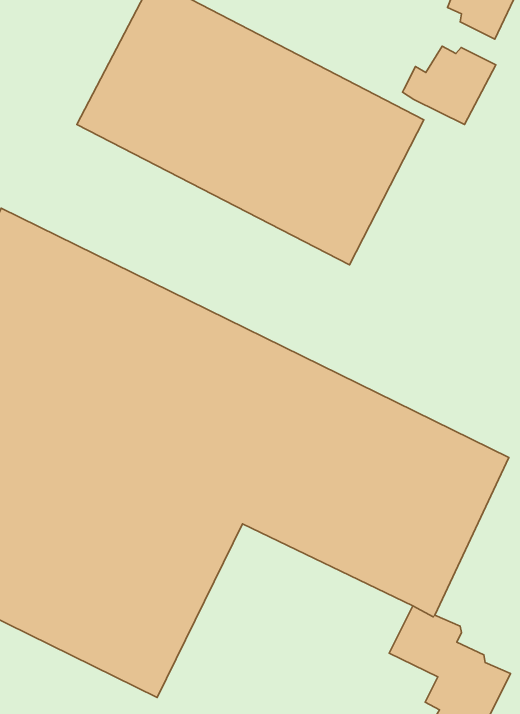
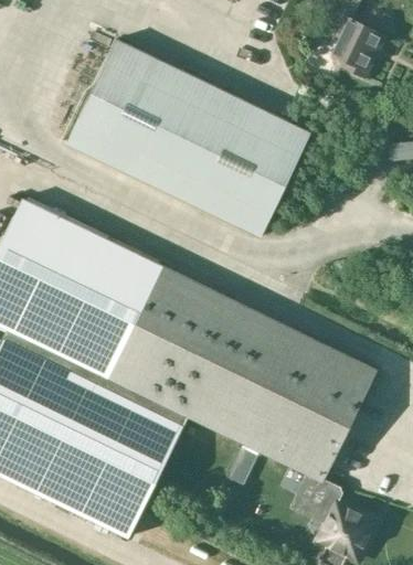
building: [403,46,496,125] -> none

